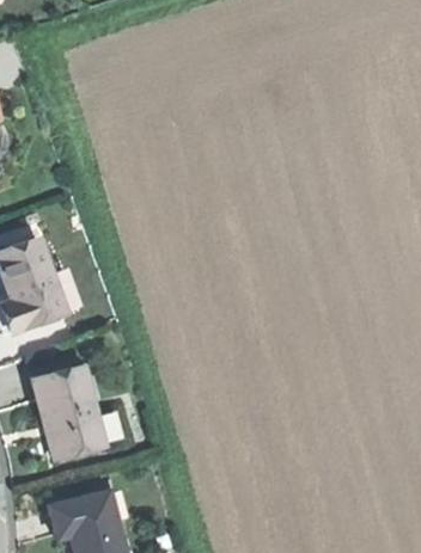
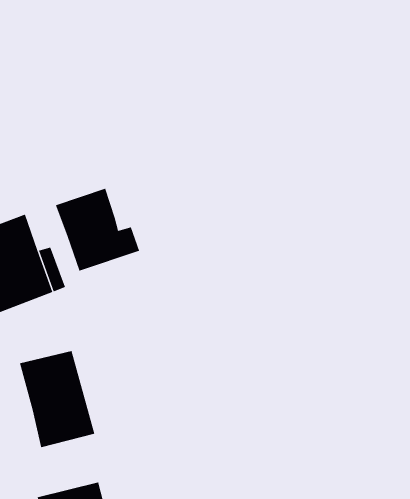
building: none -> [55,188,140,272]

